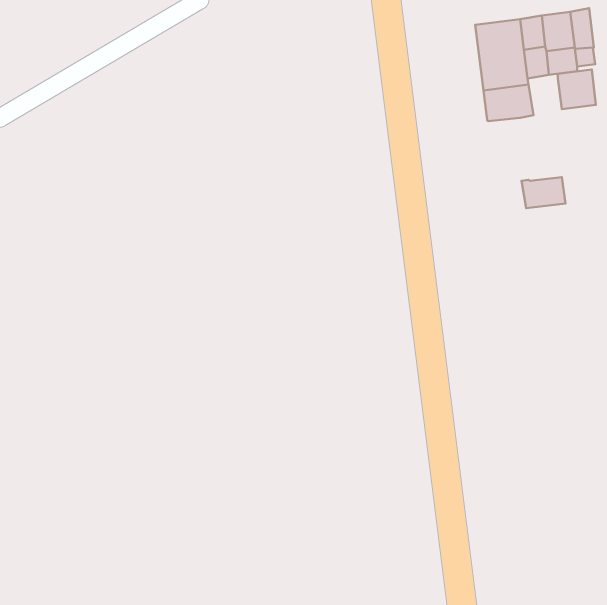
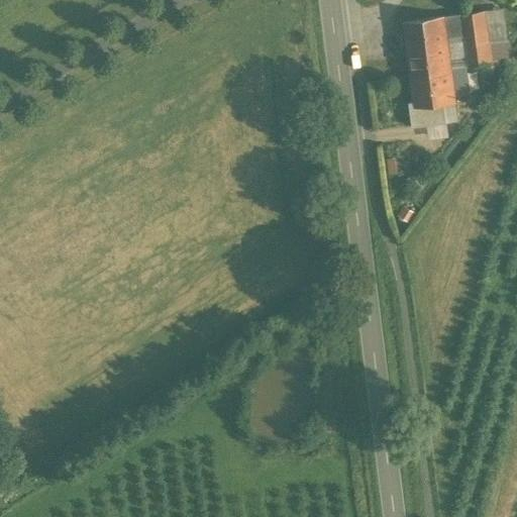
building: [558,69,596,109] -> none
building: [521,177,565,208] -> [408,102,445,128]

